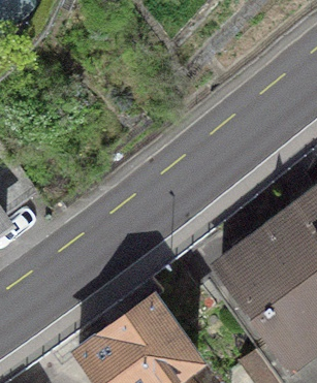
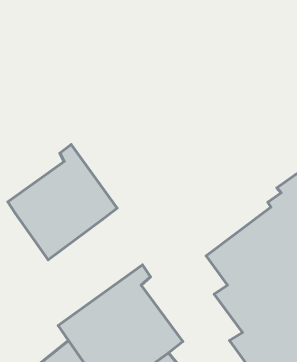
building: none -> [8,144,117,260]

